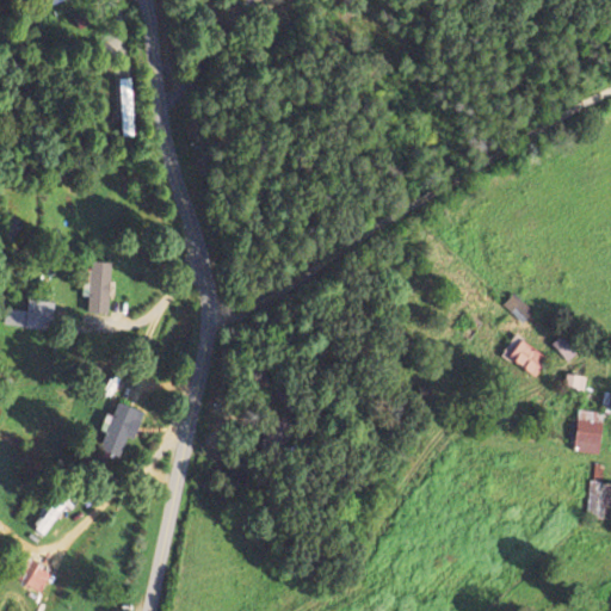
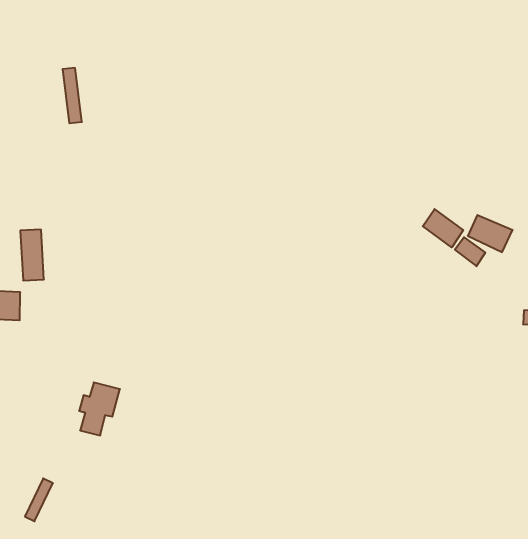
building: none -> [423,209,463,247]
building: [88,263,112,315] -> [20,230,44,280]
building: [502,337,549,377] -> [468,215,513,252]

